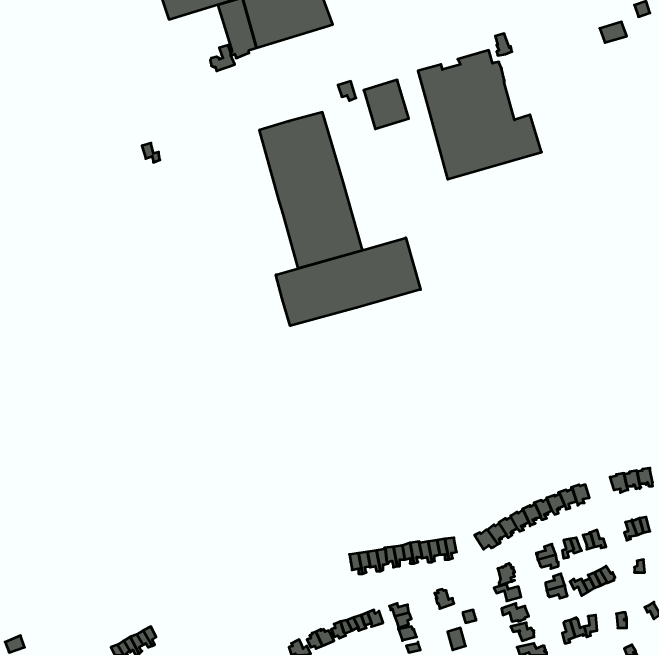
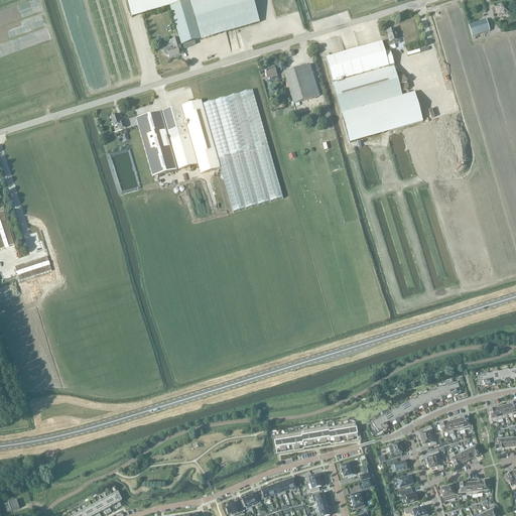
building: none -> [137,98,218,175]
building: [276,238,421,326] -> none

